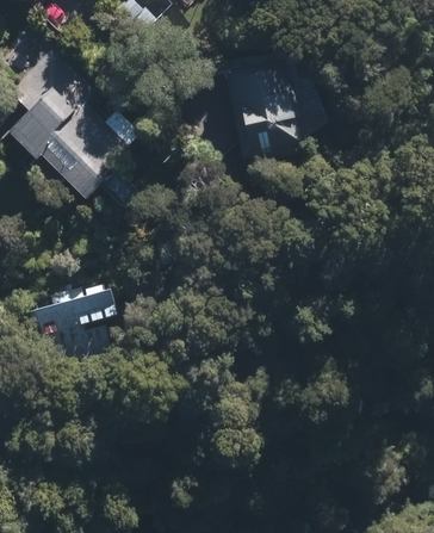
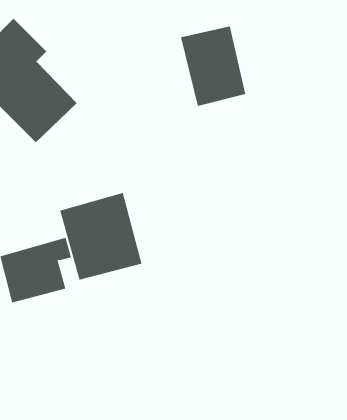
building: none -> [59,192,142,280]

